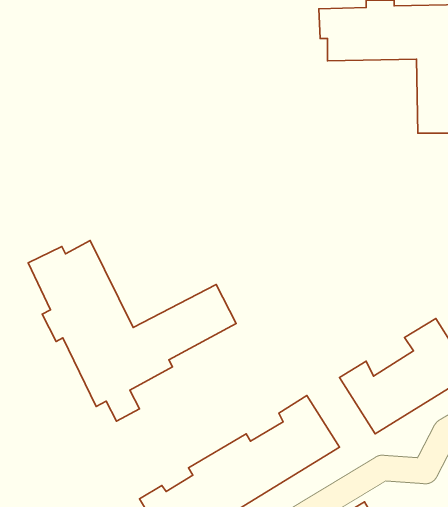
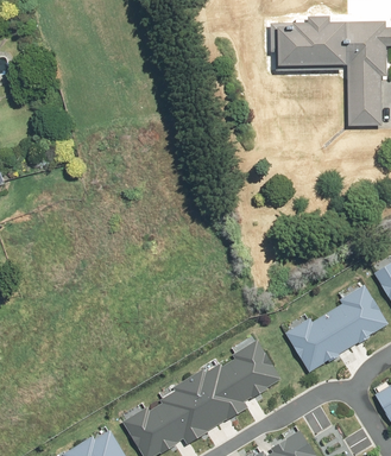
building: [28,240,236,421] -> none

